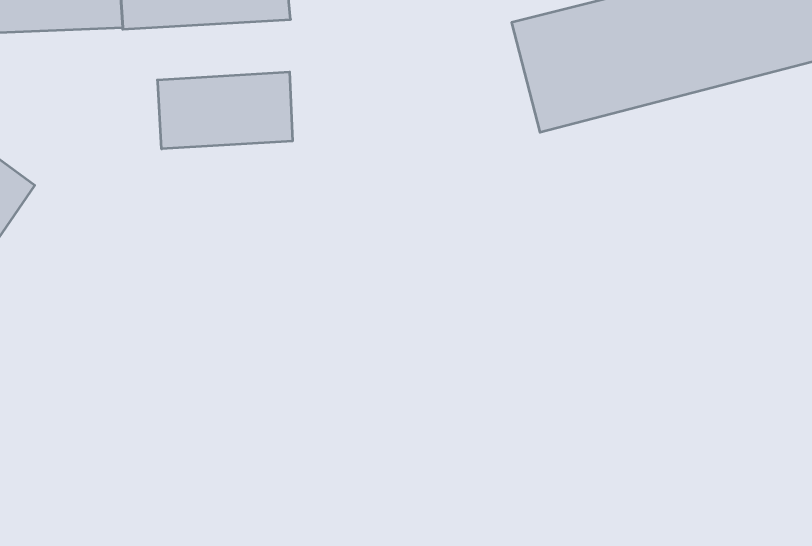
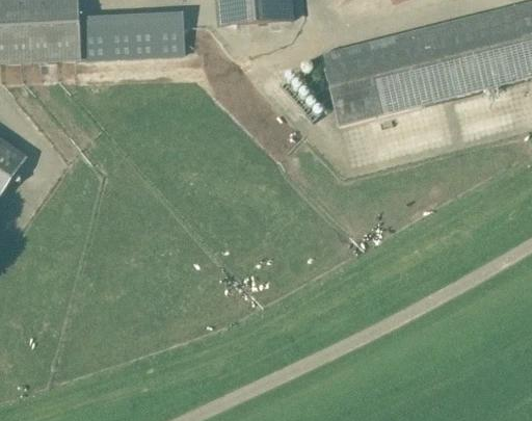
building: [157,72,292,149] -> none

